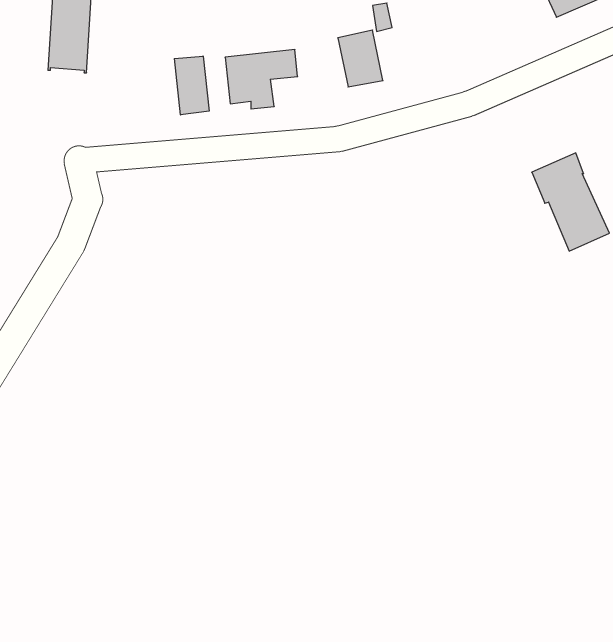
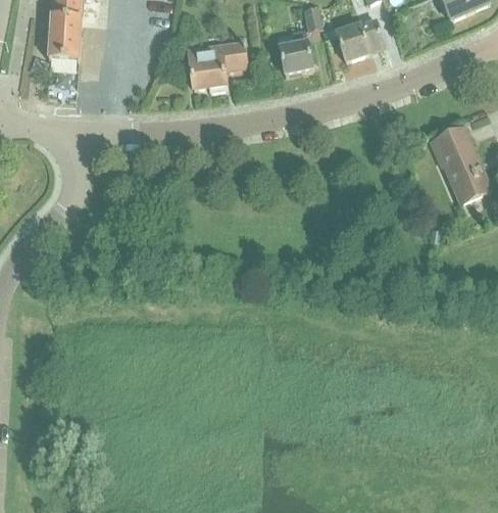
building: none -> [335,20,384,61]
building: [174,56,209,115] -> none

